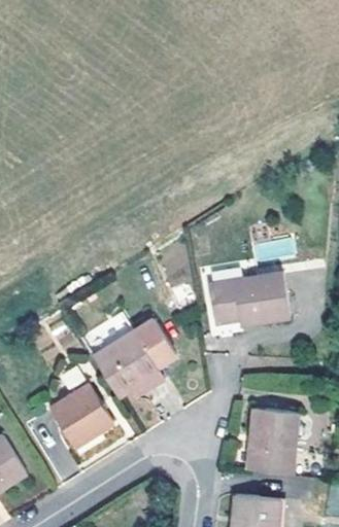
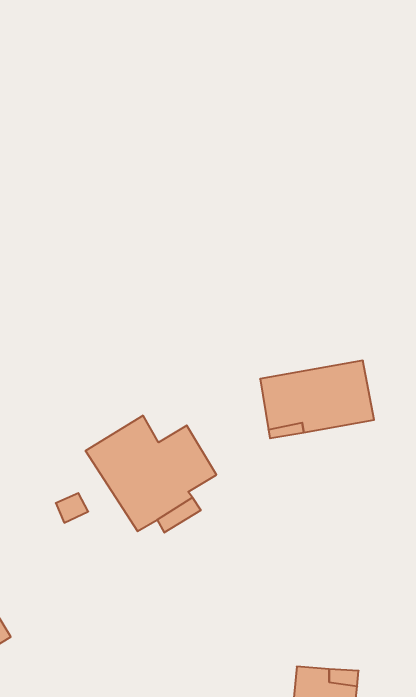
building: [49,383,113,447] -> none
building: [249,407,298,471] -> none

